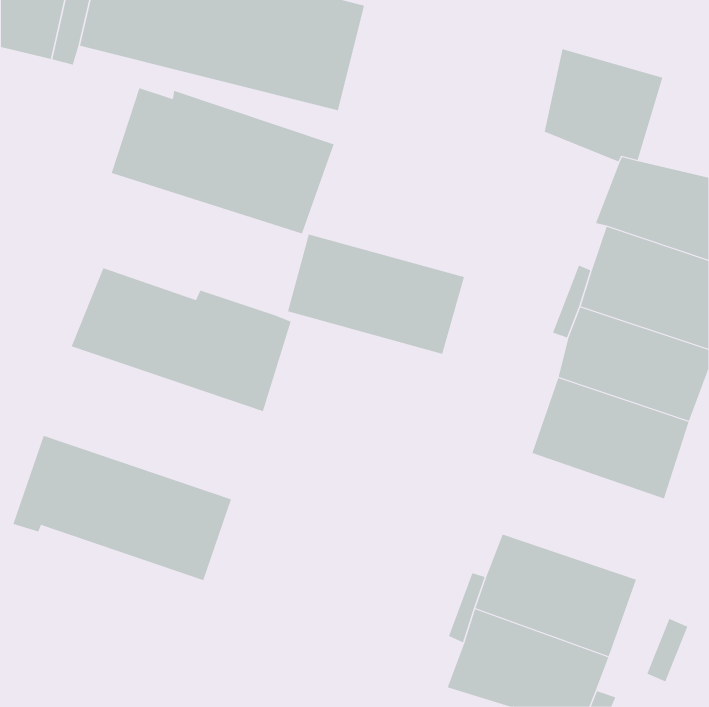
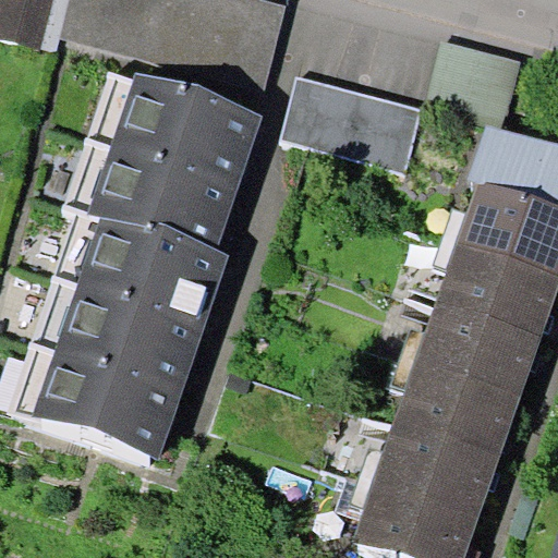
building: none -> [65,136,238,247]
building: [287,234,465,355] -> [281,75,421,170]
building: none -> [34,272,207,392]
building: none -> [395,356,522,456]

